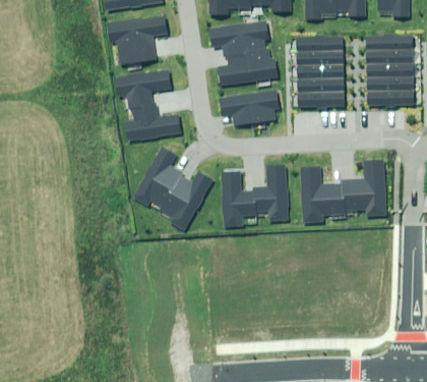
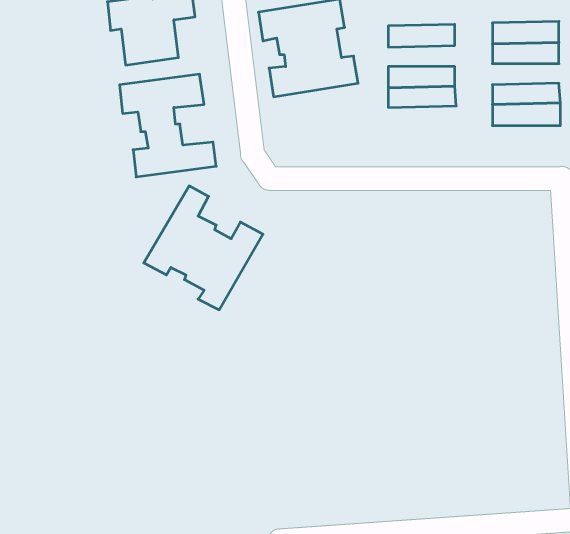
building: [297,51,342,65] -> none
building: [367,63,412,77] -> none
building: [219,90,279,125] -> none
building: [297,92,343,107] -> none
building: [299,161,387,222] -> none
building: [220,165,287,226] -> none

